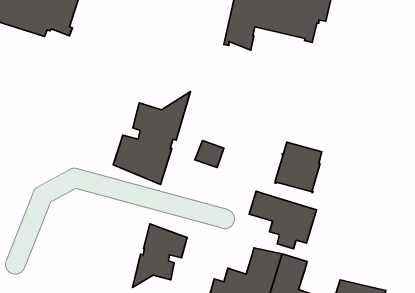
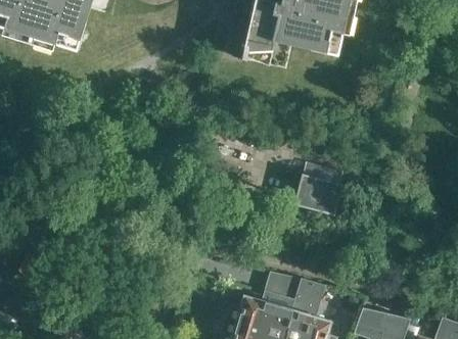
building: [113,92,191,185] -> none
building: [249,191,317,249] -> none
building: [132,224,187,287] -> none

